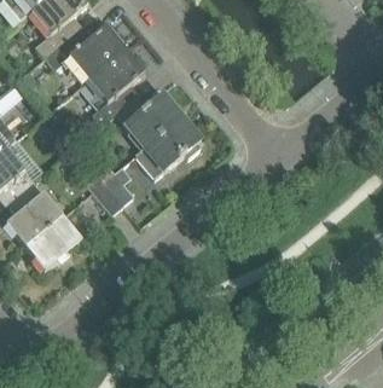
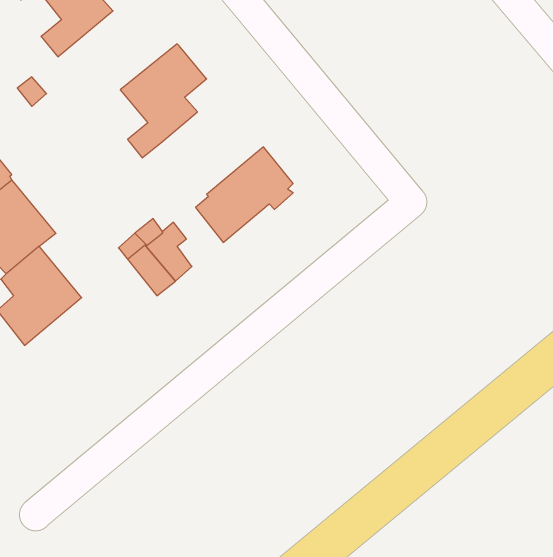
building: [43,24,122,77] -> none
building: [112,92,179,146] -> none
building: [22,214,79,268] -> none

